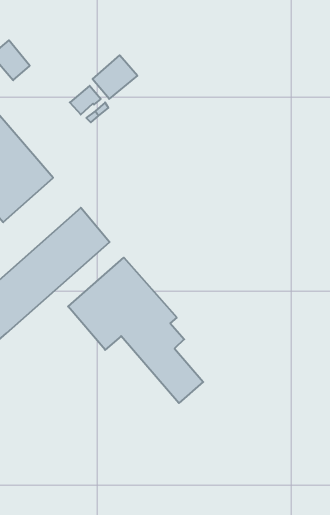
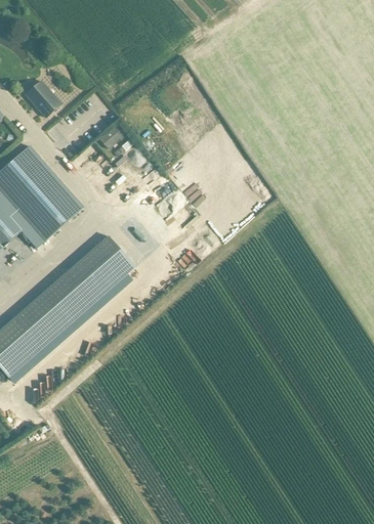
building: [93,55,137,99] -> none
building: [68,258,203,403] -> none

